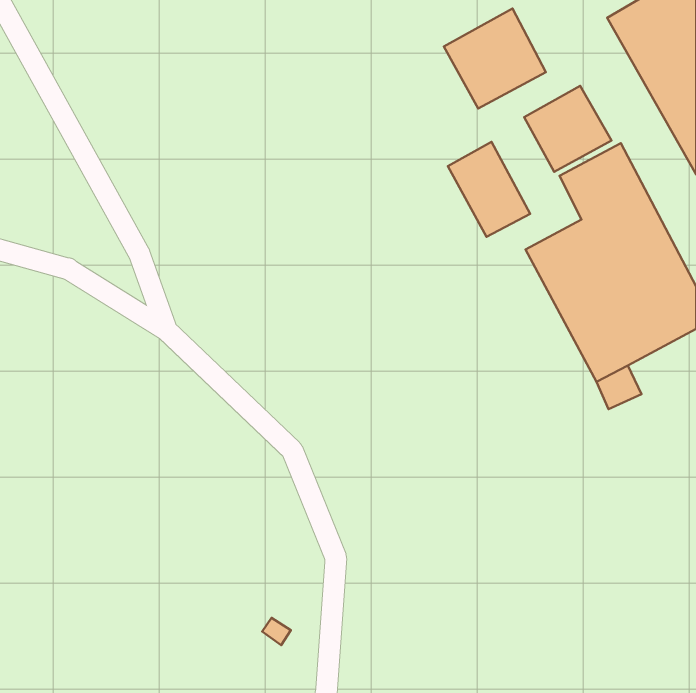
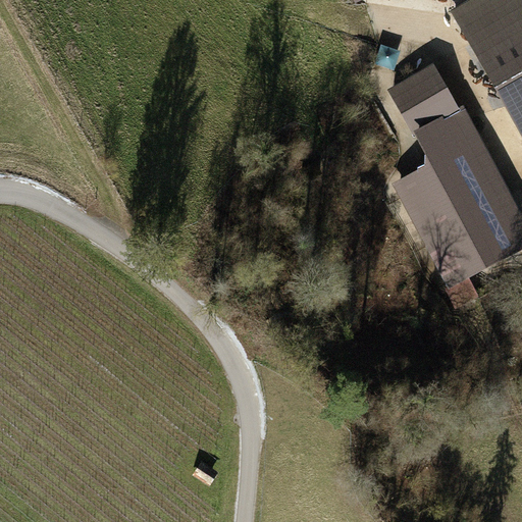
building: [444,9,546,109] -> none
building: [448,142,530,237] -> none

